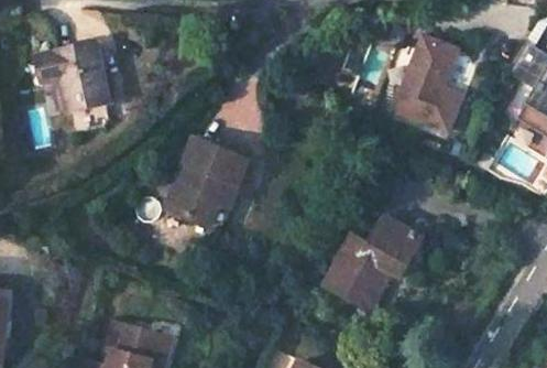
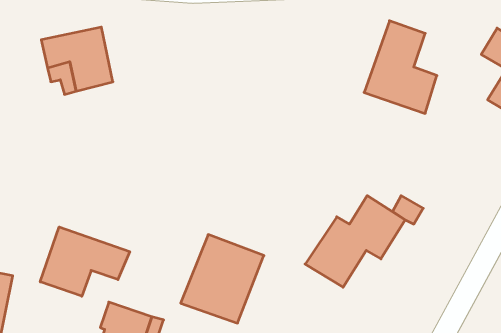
building: [162,138,249,230] -> [181,235,264,323]
building: none -> [40,227,130,296]

